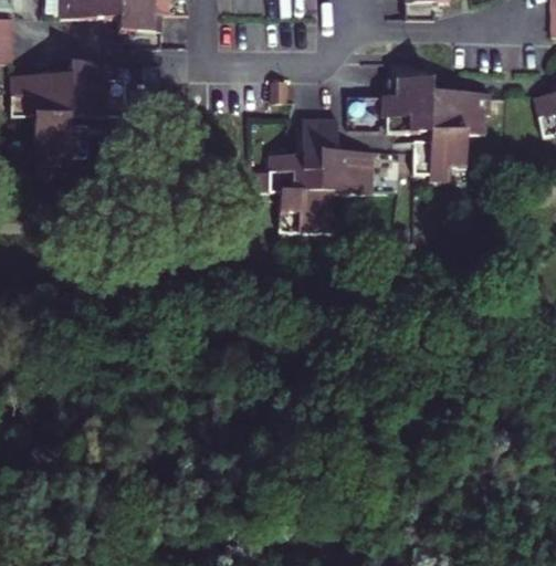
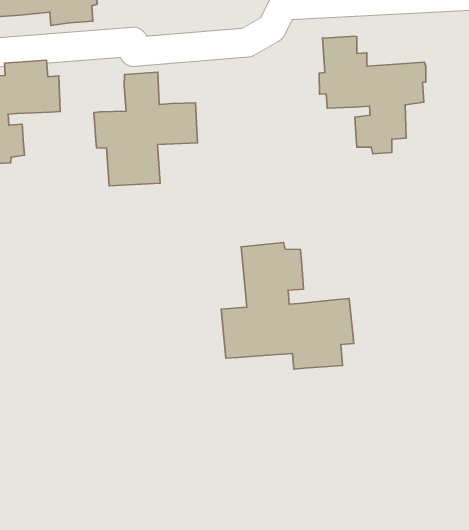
building: [271,118,373,229] -> [94,72,197,186]
building: none -> [221,242,354,369]

